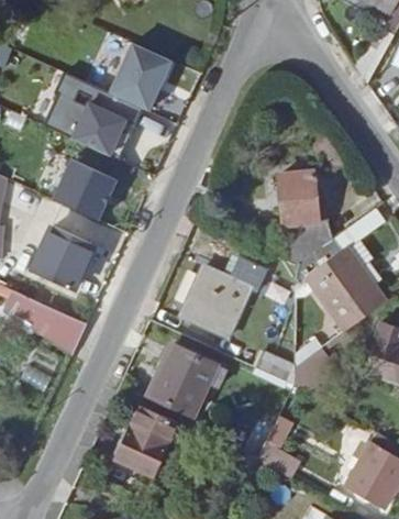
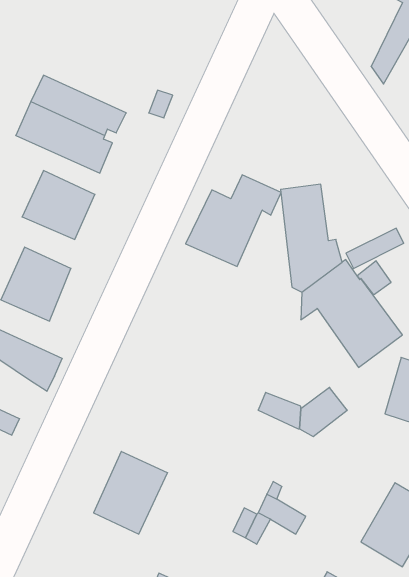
building: [107,42,170,109] -> none
building: [182,255,266,335] -> [186,175,281,266]
building: [152,346,213,413] -> none

